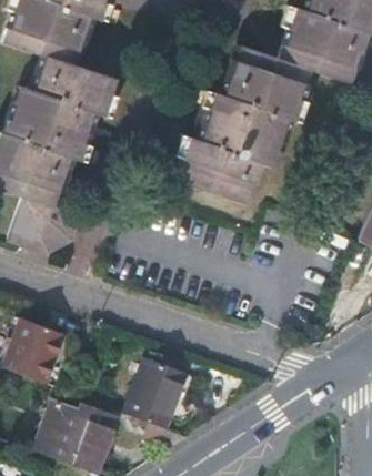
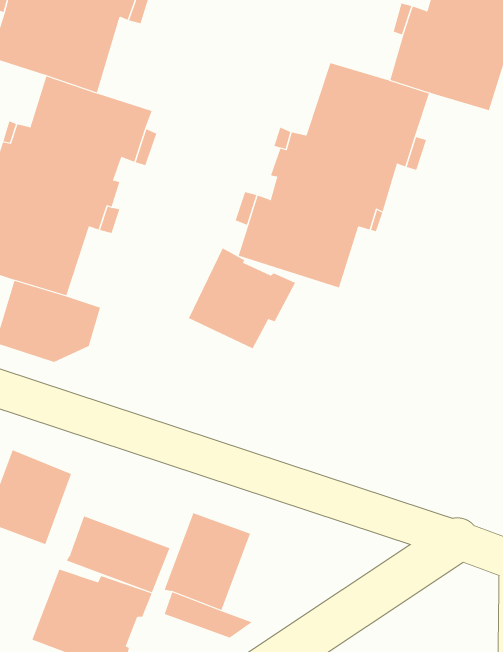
building: none -> [188,248,296,349]
building: none -> [66,515,170,593]

